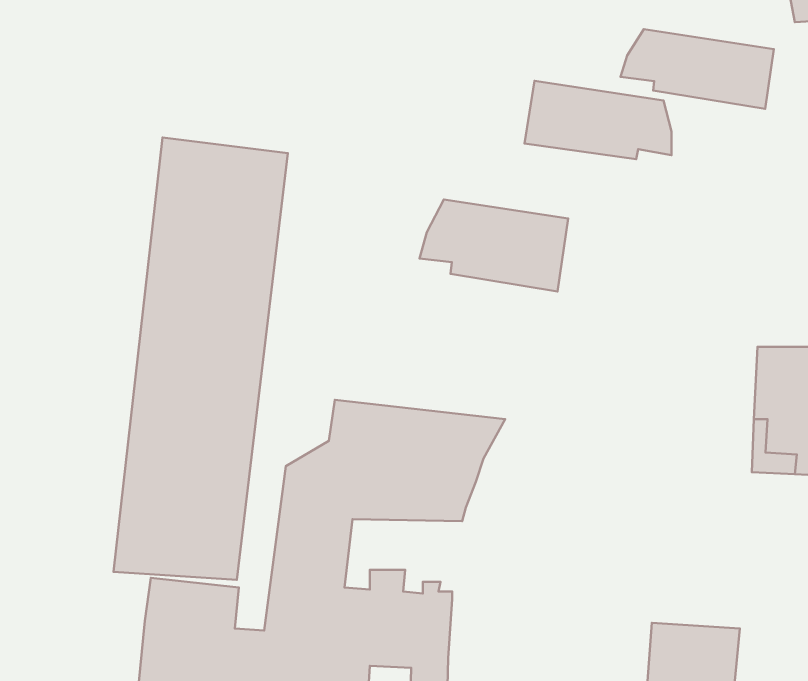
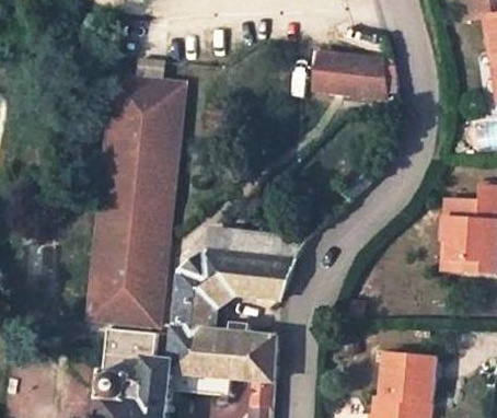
building: [620,29,774,109] -> none
building: [419,200,568,291] -> none

